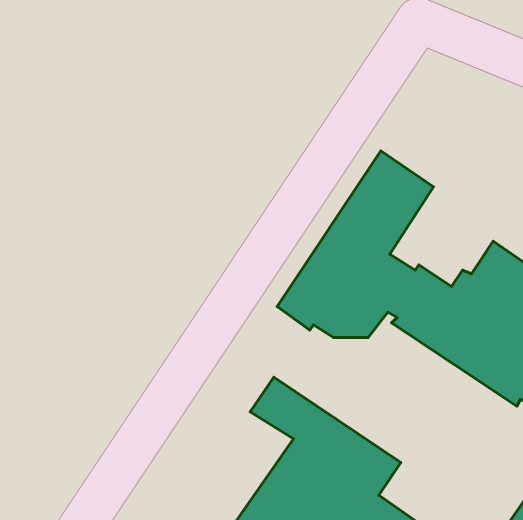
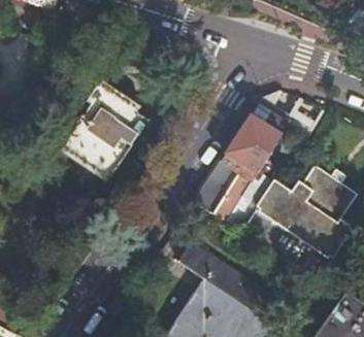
building: none -> [61,93,148,176]

